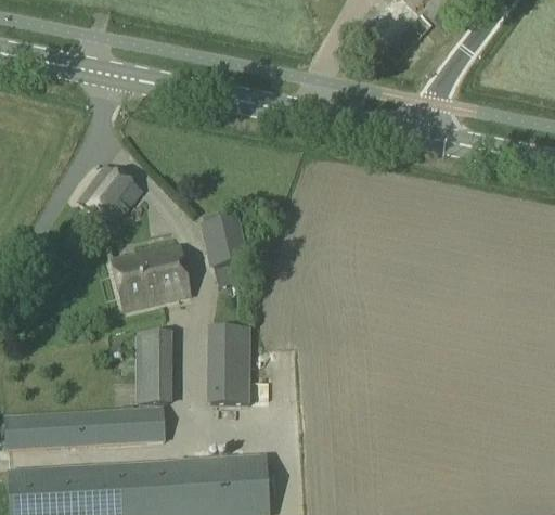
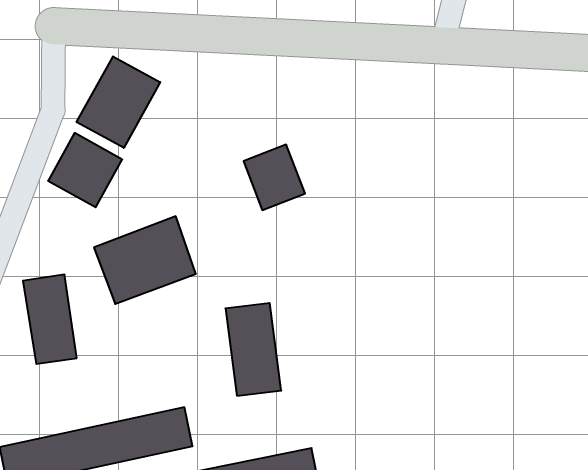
building: none -> [77,56,160,148]
building: [201,220,248,272] -> [244,145,305,210]
building: [134,332,170,403] -> [23,275,77,364]

